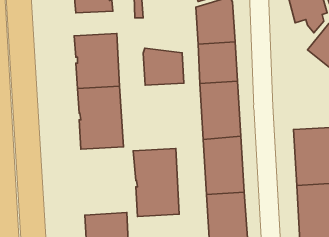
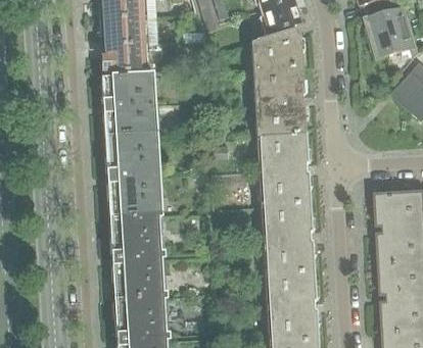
building: none -> [103,46,149,72]
building: [143,48,184,85] -> none
building: [133,148,179,217] -> [109,214,167,299]

